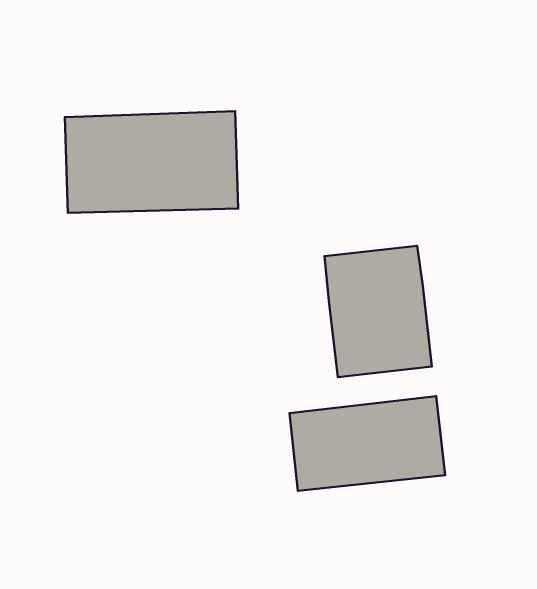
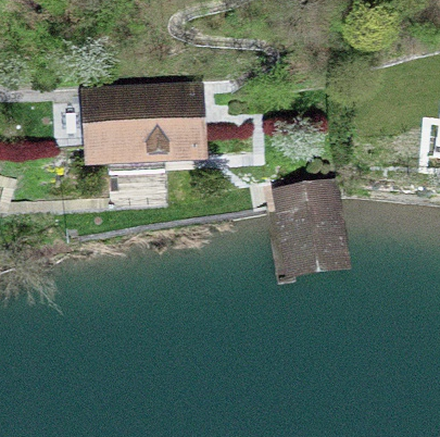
building: [289,396,445,491] -> none

